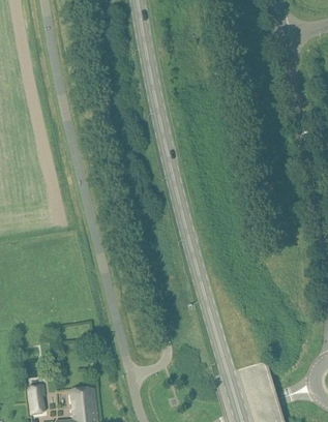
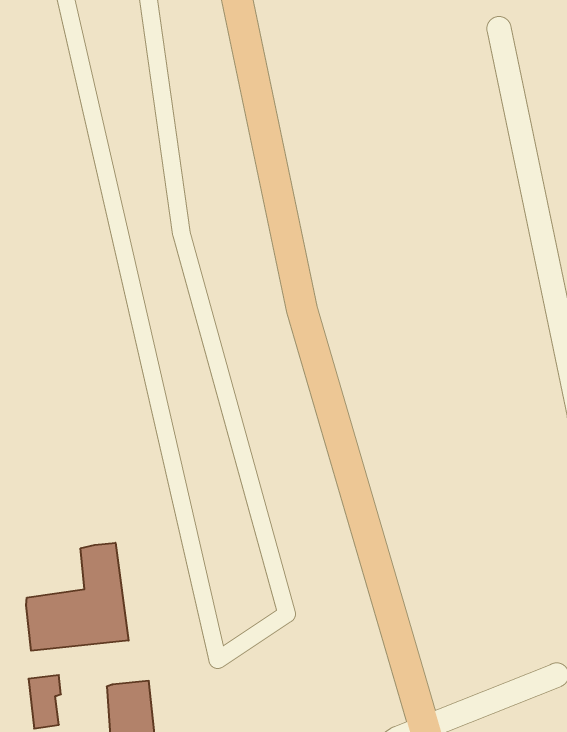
building: none -> [26,543,129,651]

